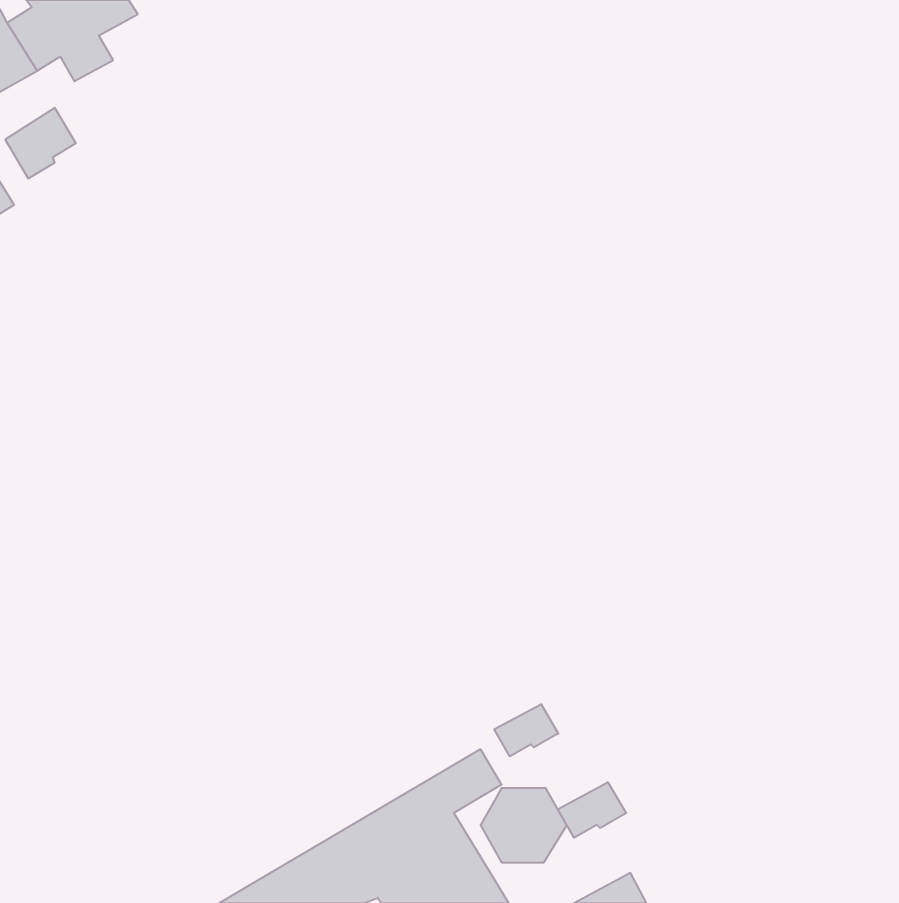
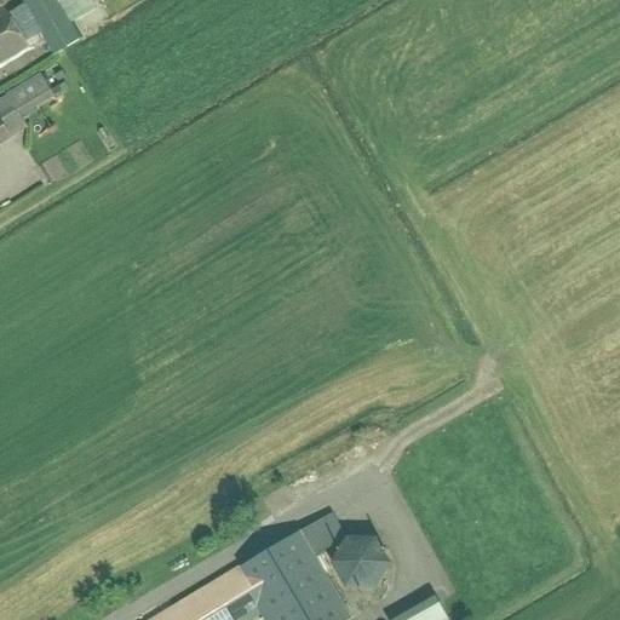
building: [494,704,558,756] -> none
building: [558,782,626,838] -> none

